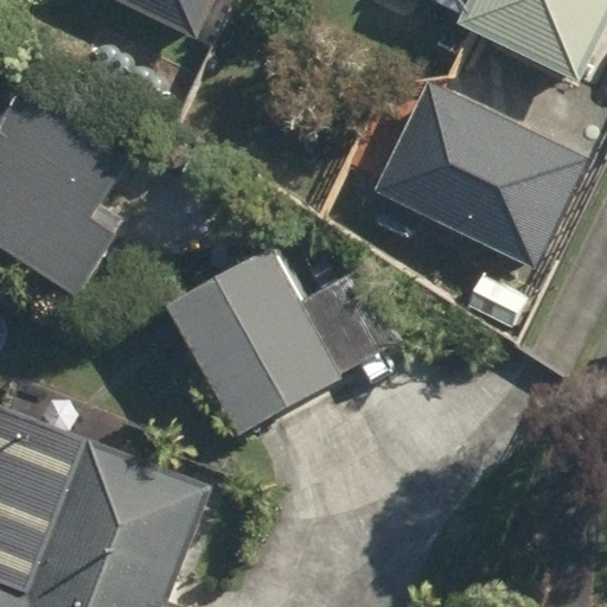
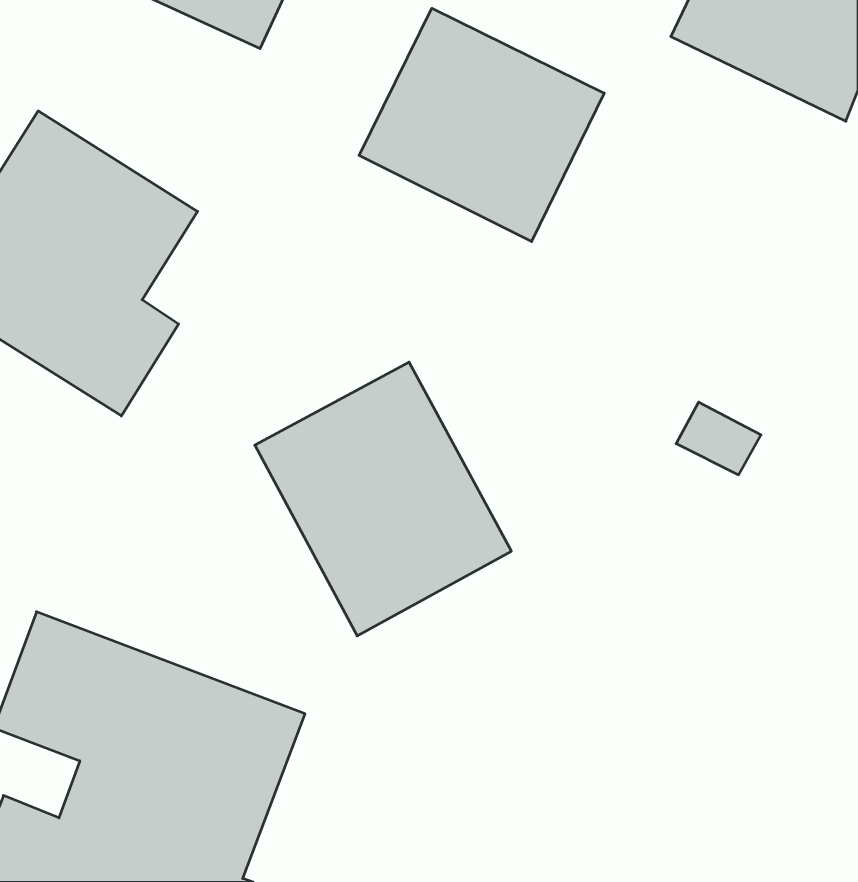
building: none -> [359,8,604,242]
building: [358,78,568,262] -> none

